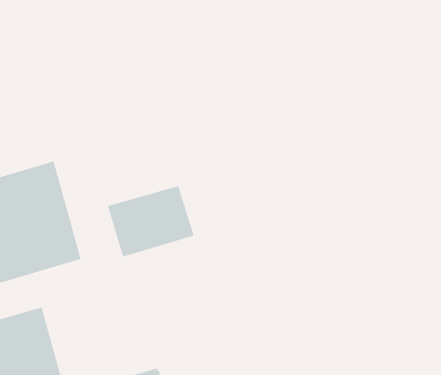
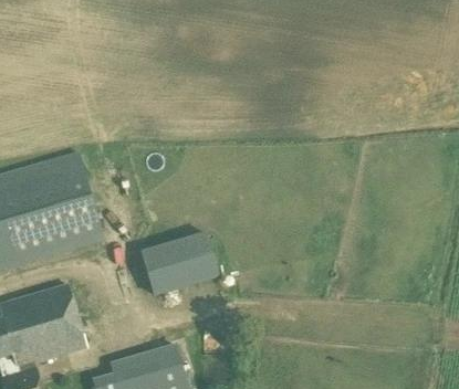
building: [107,186,194,257] -> [139,231,220,297]

